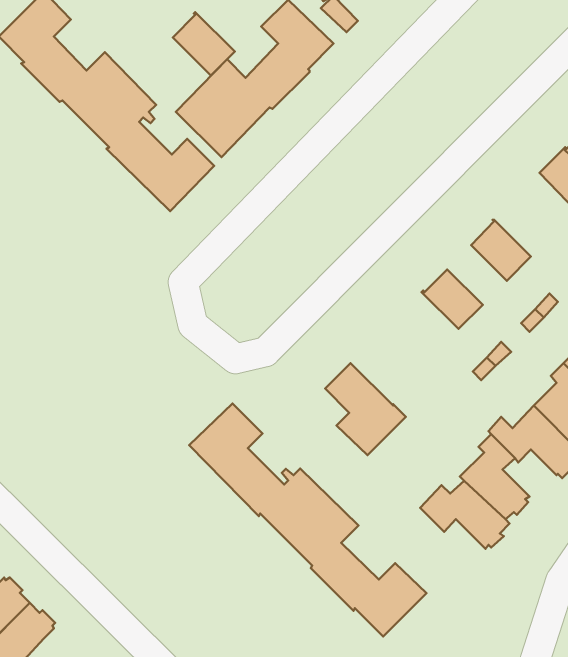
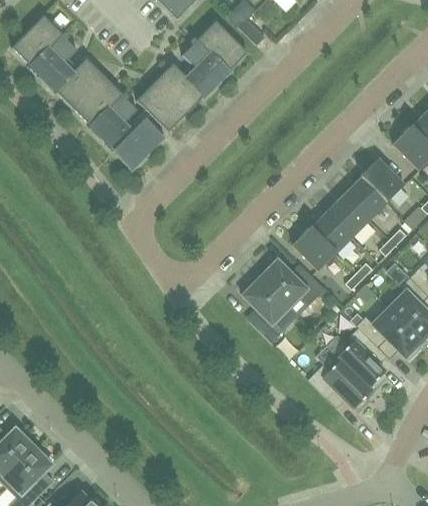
building: [173,12,235,76] -> none
building: none -> [361,157,405,201]
building: none -> [328,193,370,235]
building: none -> [293,226,336,269]
building: none -> [260,258,325,306]
building: [189,403,427,637] -> none

